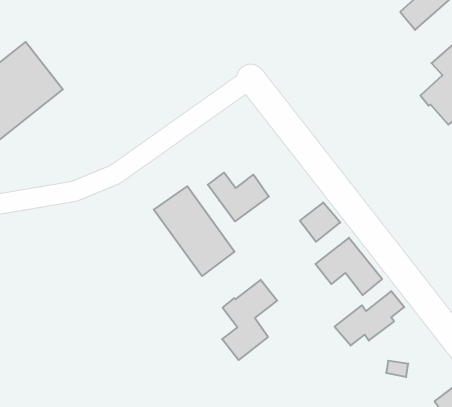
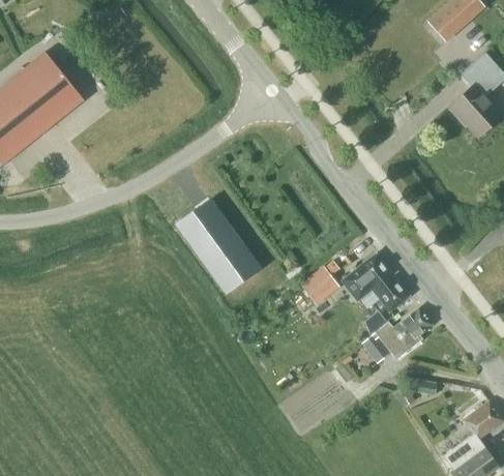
building: [208,173,269,221] -> none
building: [300,202,340,242] -> [299,265,340,305]
building: [222,280,277,360] -> none

